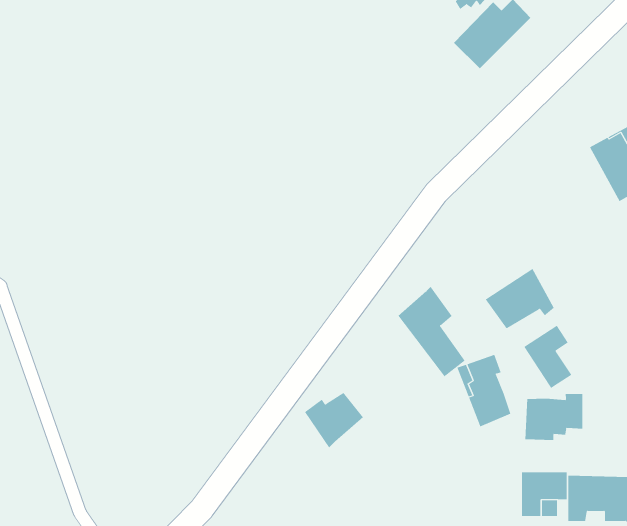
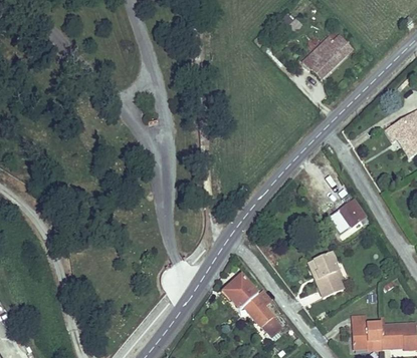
building: [398,286,466,377] -> [237,287,278,342]
building: [523,325,572,389] -> none
building: [525,393,583,441] -> none

